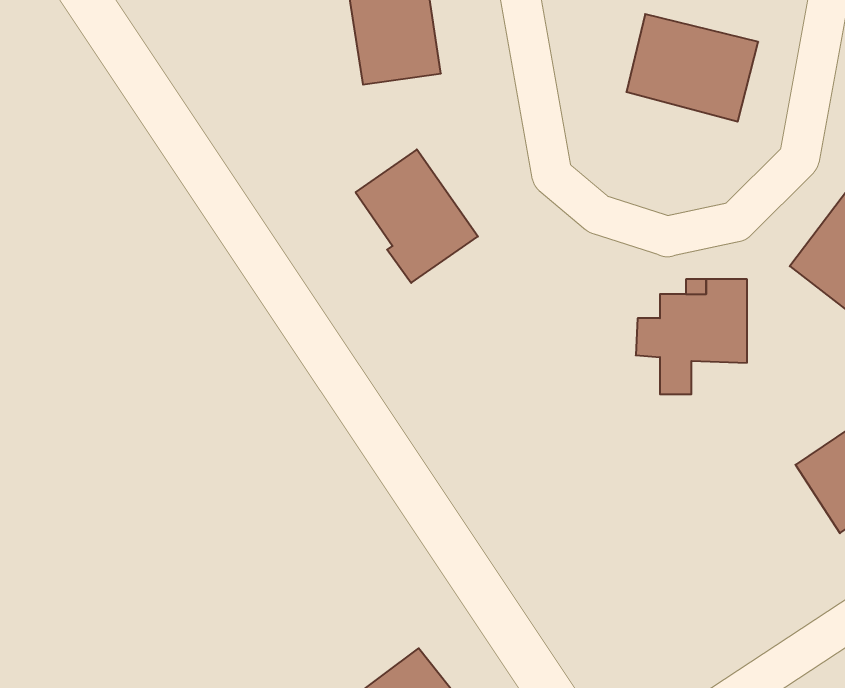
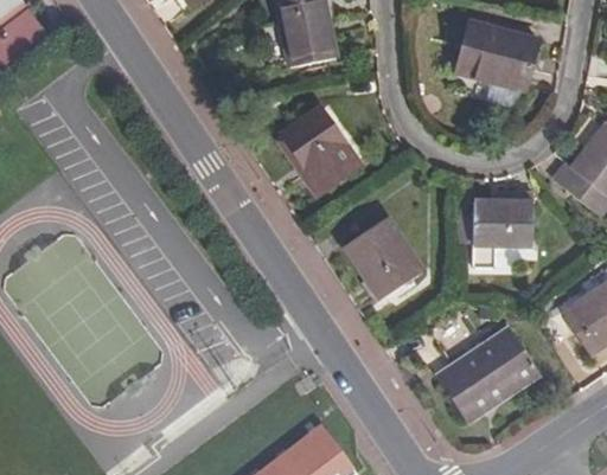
building: none -> [345,217,423,300]
building: none -> [436,326,539,421]

